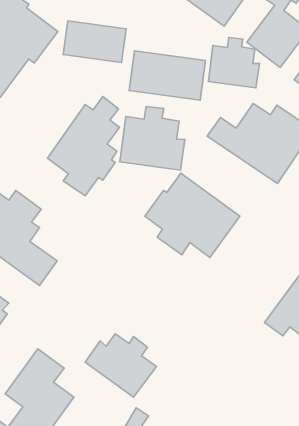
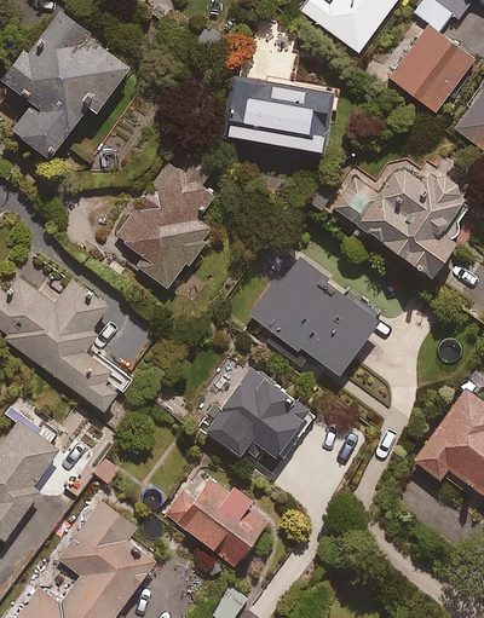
building: [63,21,126,63] -> none
building: [208,38,259,88] -> none
building: [120,106,185,170] -> none
building: none -> [207,370,317,470]

